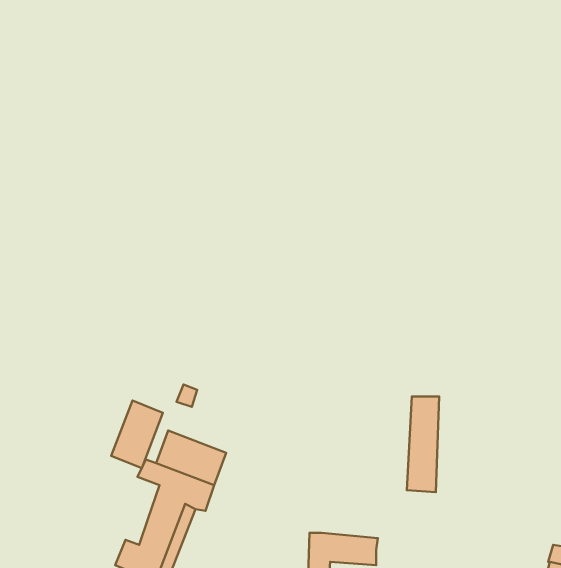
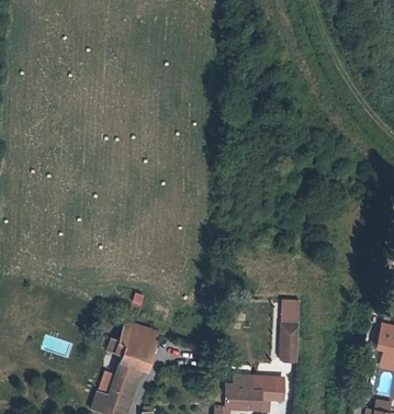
building: [111,401,163,468] -> none
building: none -> [224,374,284,400]

